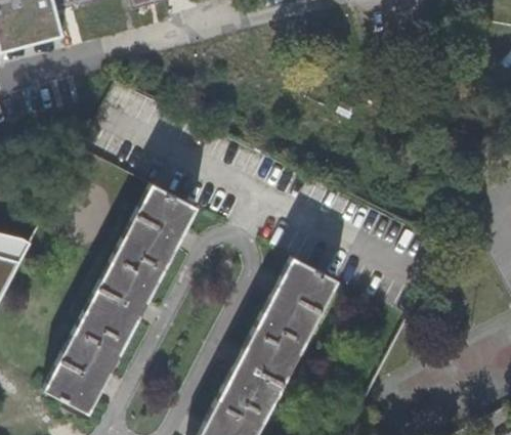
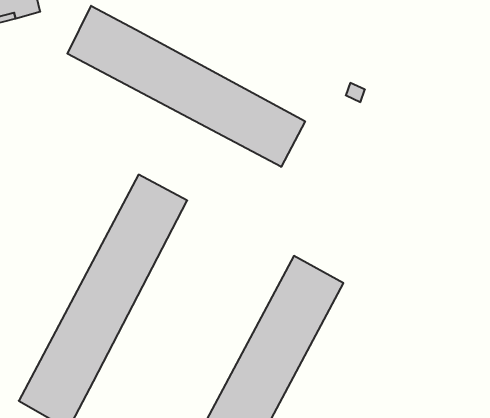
building: none -> [67,6,305,167]

